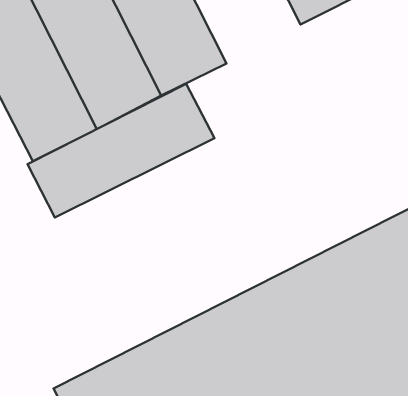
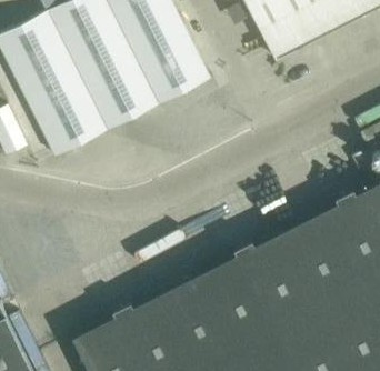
building: [28,84,215,218] -> none

